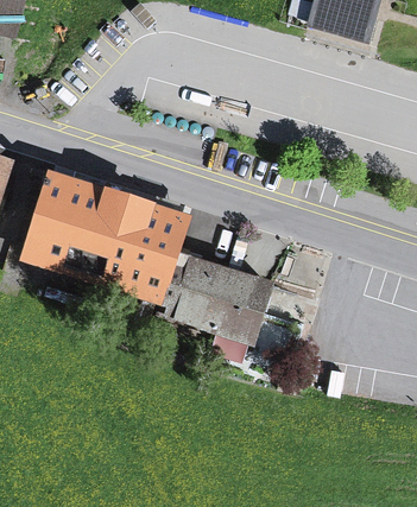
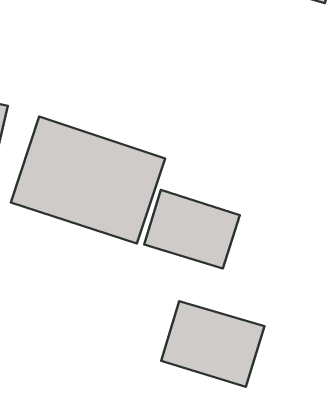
building: none -> [161,301,264,387]

